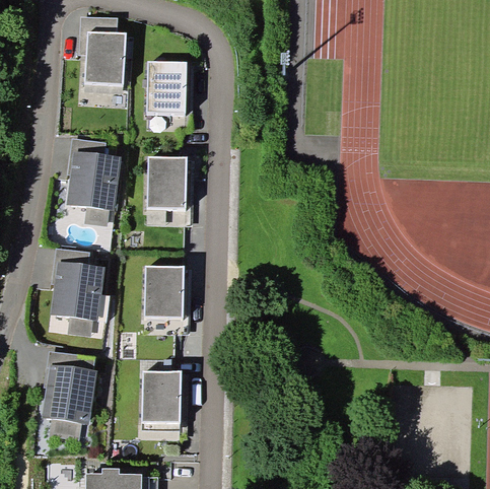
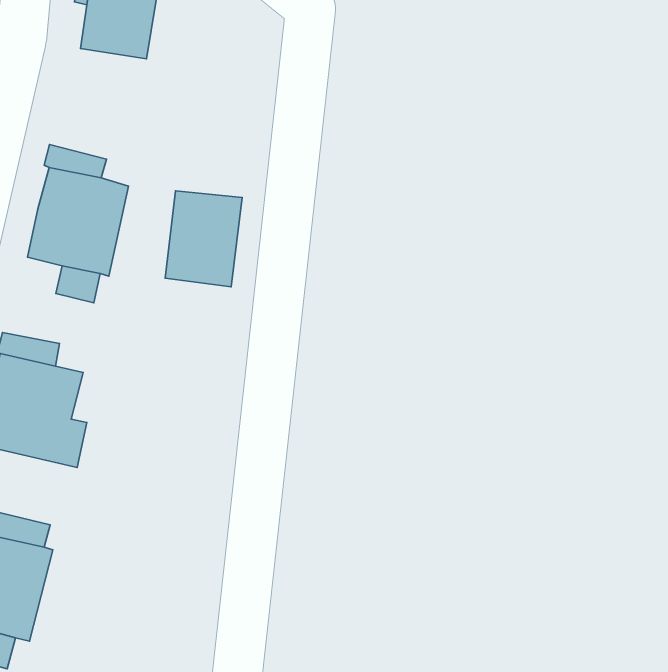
building: [146,62,186,114] -> none
building: [144,267,184,319] -> none
building: [142,372,181,423] -> none

